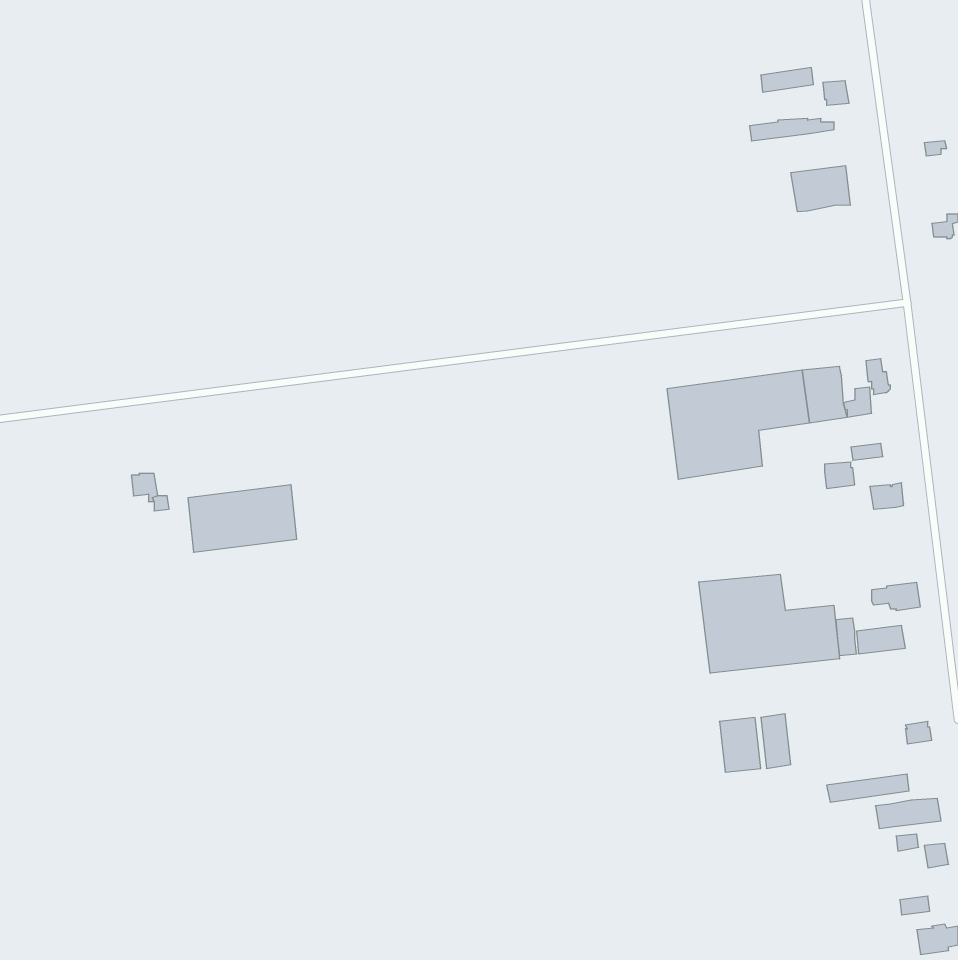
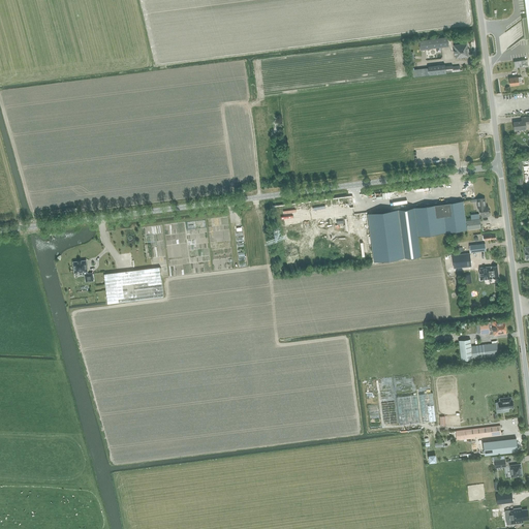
building: [791,166,850,212] -> none
building: [699,574,840,673] -> none

